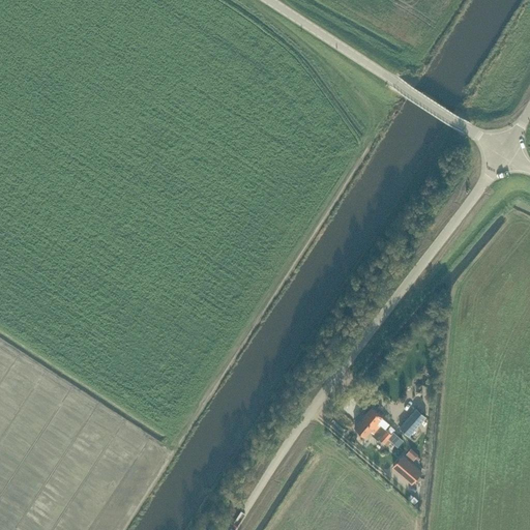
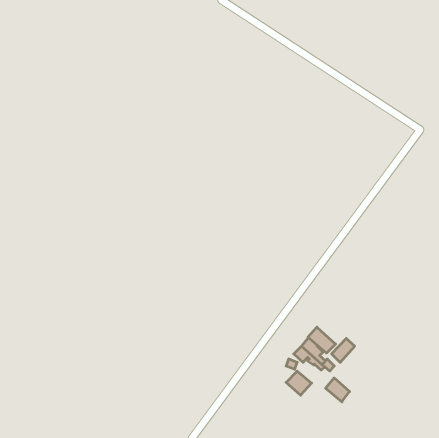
building: none -> [308,327,336,353]
building: none -> [286,371,312,395]

